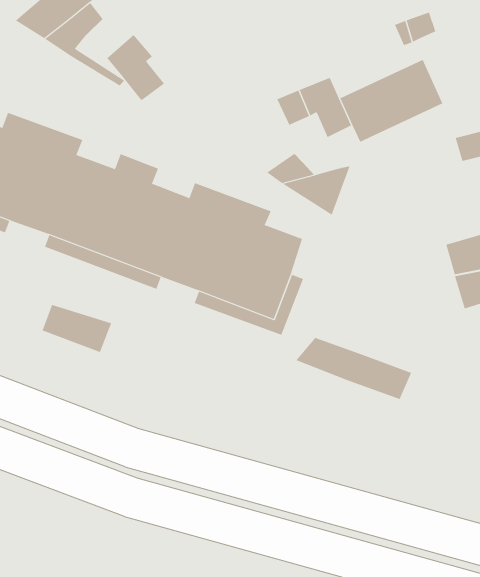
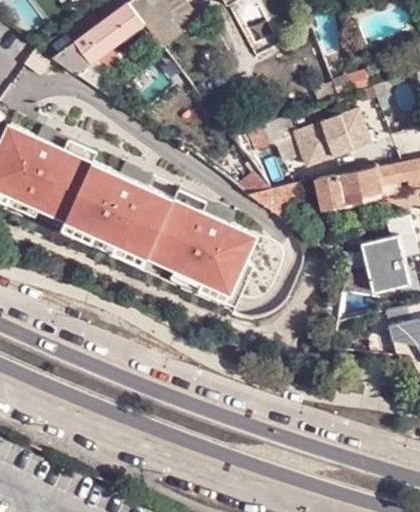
building: [107,34,165,101] -> none
building: none -> [317,166,382,207]
building: [42,304,112,353] -> none
building: [296,337,412,400] -> none

